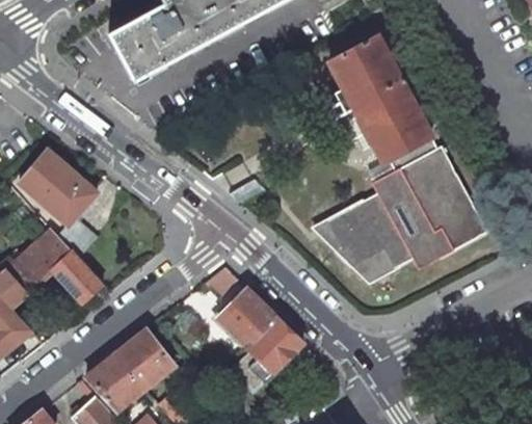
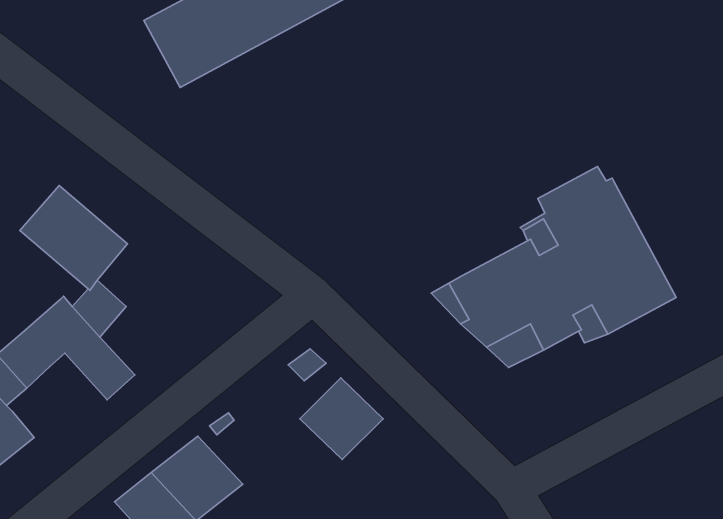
building: [327,35,430,163] -> none
building: [248,317,303,372] -> none

